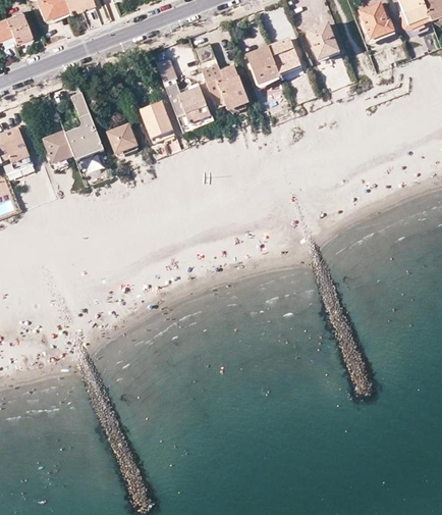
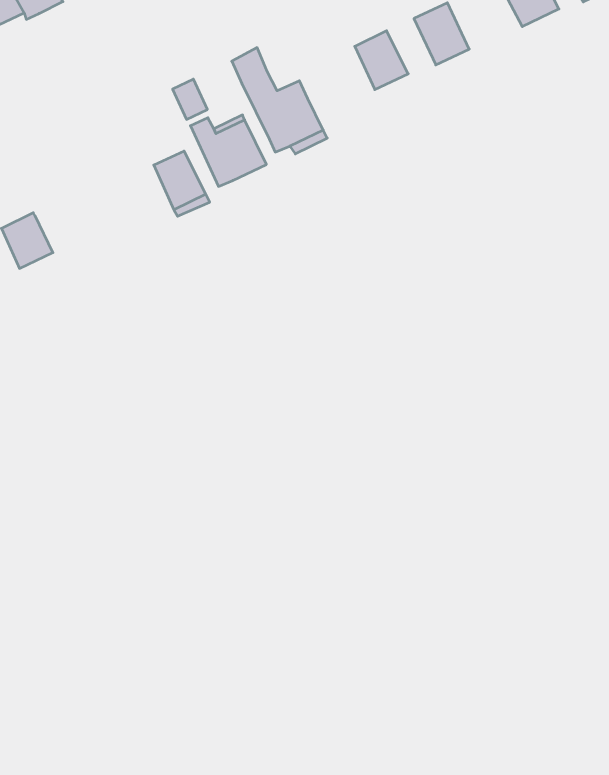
building: [247,46,280,84] -> none
building: [64,94,105,163] -> none
building: [107,124,137,156] -> none

